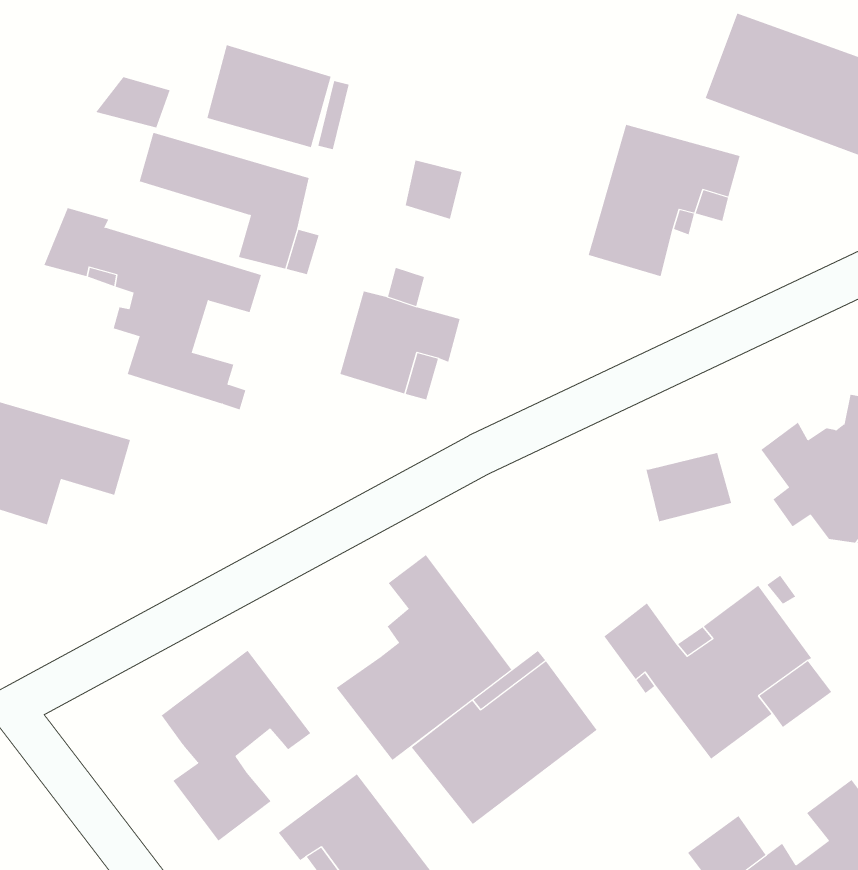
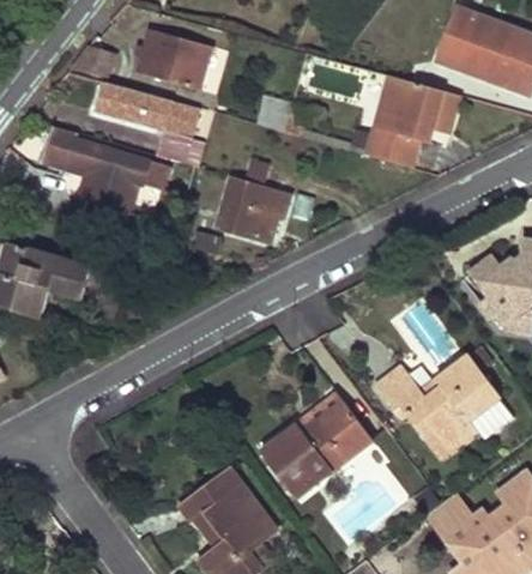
building: [646,452,732,522] -> none
building: [336,554,512,761] -> none
building: [161,650,311,842] -> none

